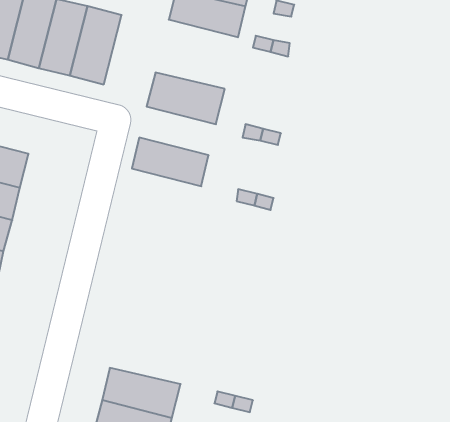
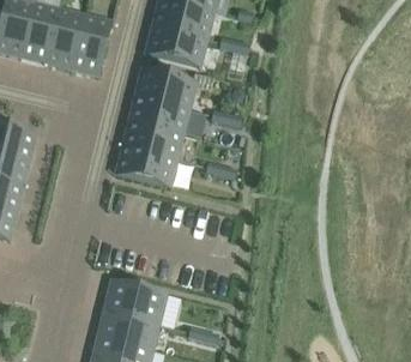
building: none -> [144,24,207,66]
building: none -> [127,95,189,134]
building: none -> [114,145,177,187]
building: none -> [103,278,168,320]

